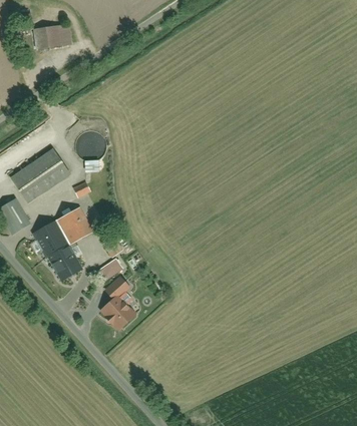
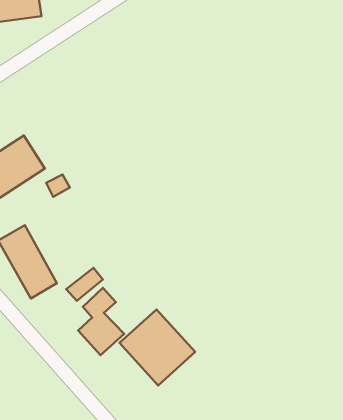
building: [74,128,106,160] -> none
building: [60,203,97,241] -> none
building: none -> [119,309,195,386]

